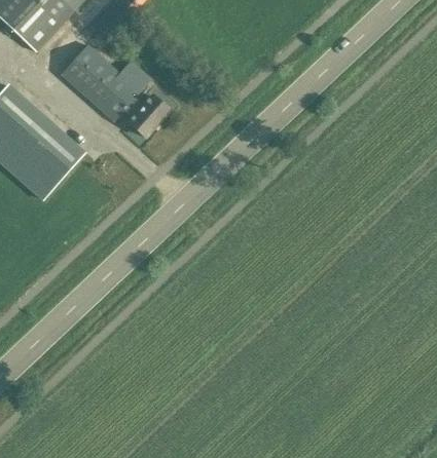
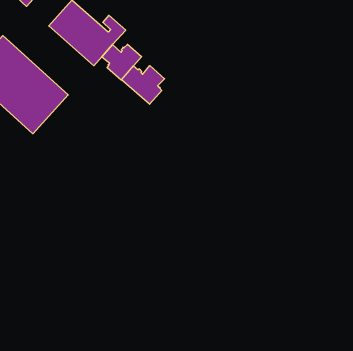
building: none -> [121,66,165,104]

